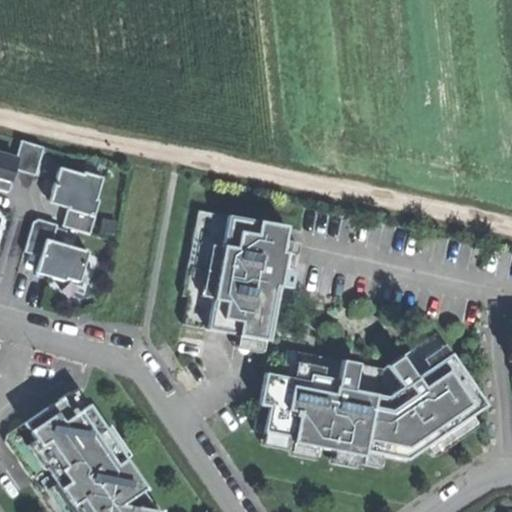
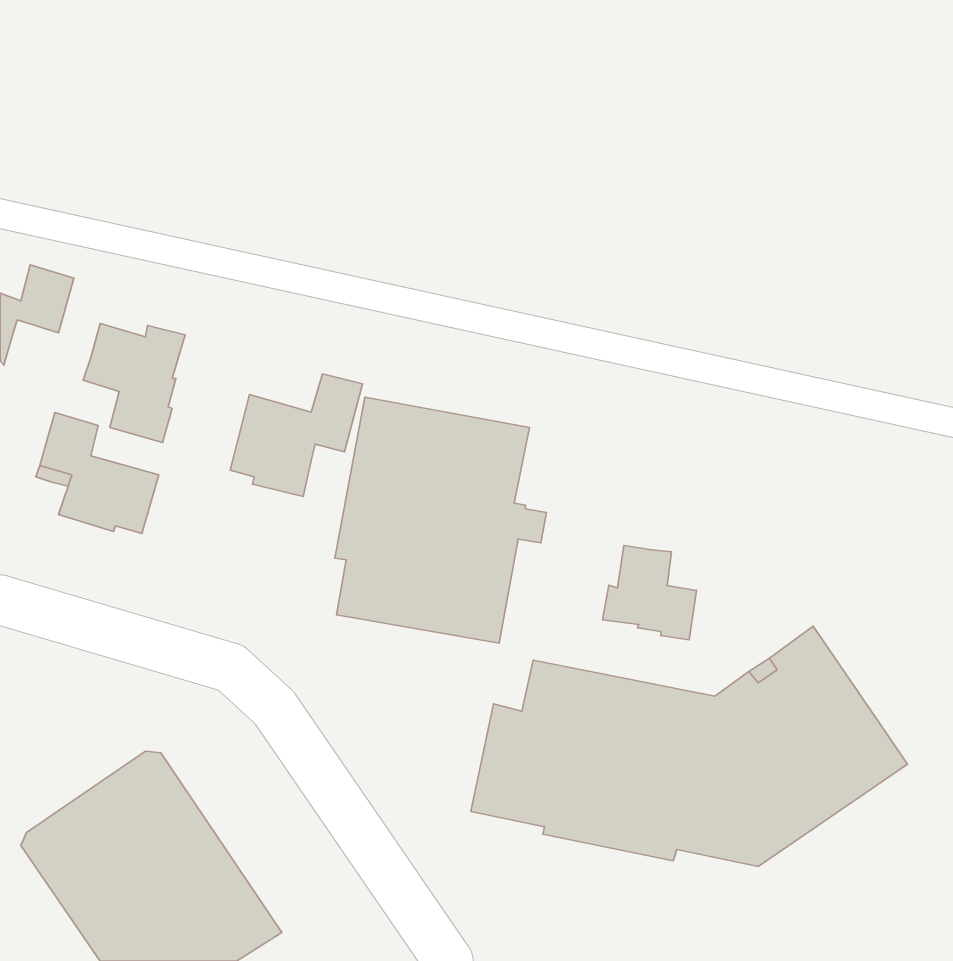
building: none -> [230,374,362,496]
building: none -> [602,546,697,640]

